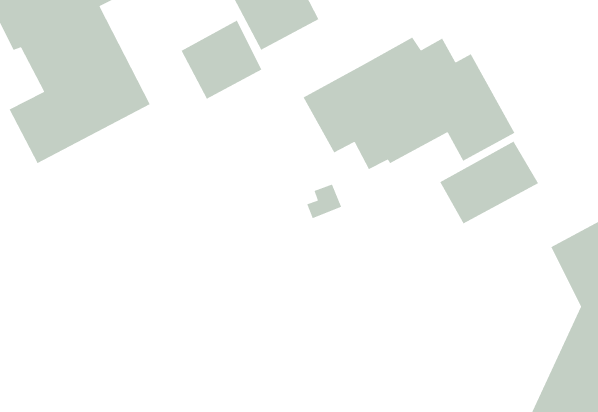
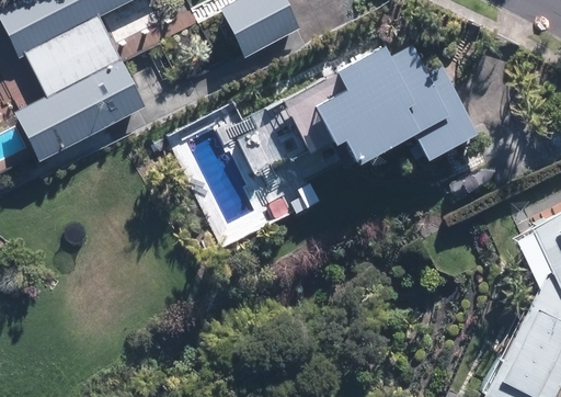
building: [180,20,263,100] -> none
building: [439,140,539,224] -> none

